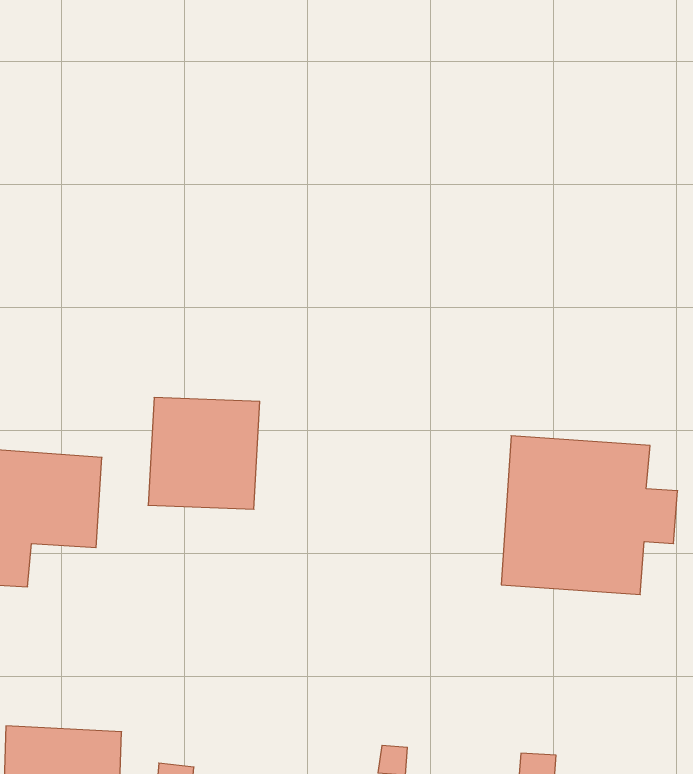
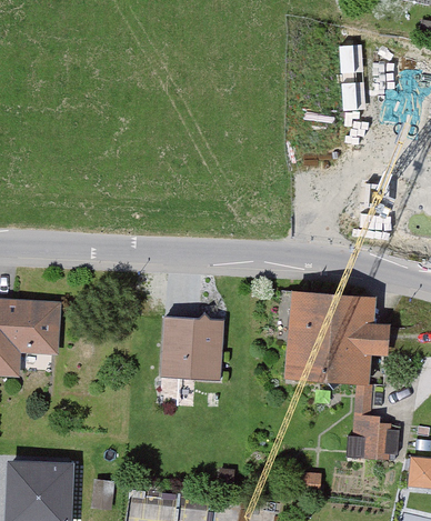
building: [148,398,260,509] -> [161,319,224,382]
building: none -> [349,387,385,455]

